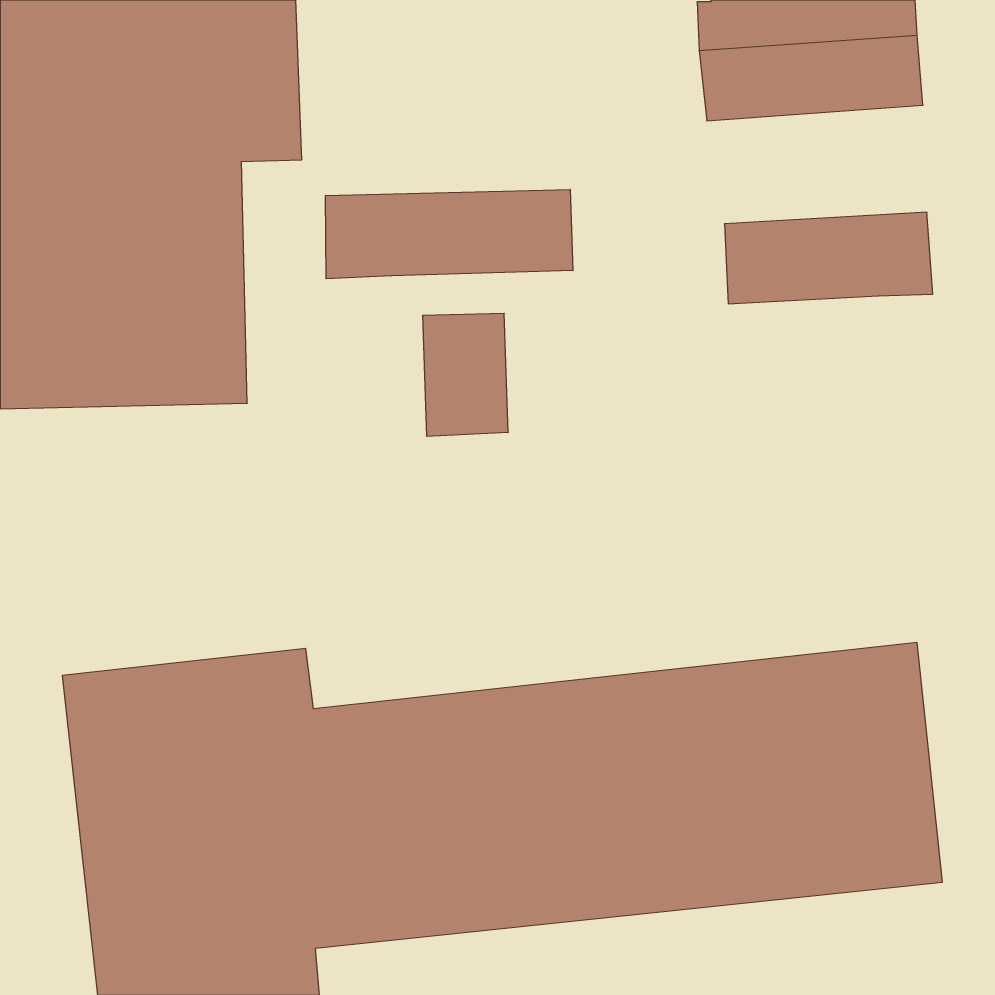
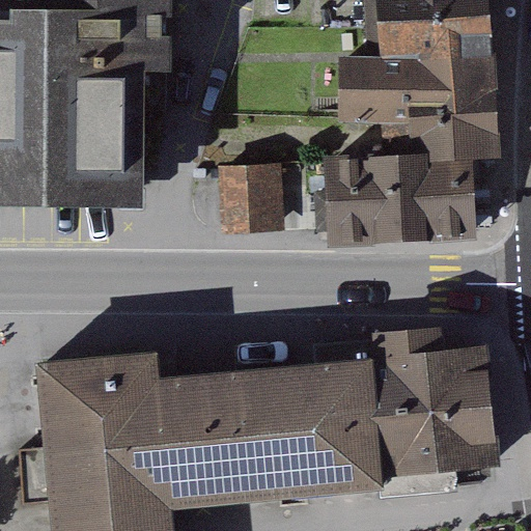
building: none -> [343,56,494,119]
building: [326,189,573,279] -> none
building: none -> [330,158,471,241]

